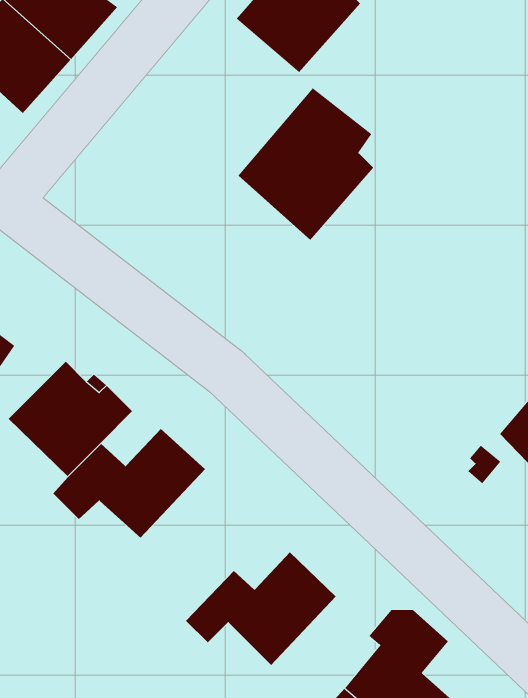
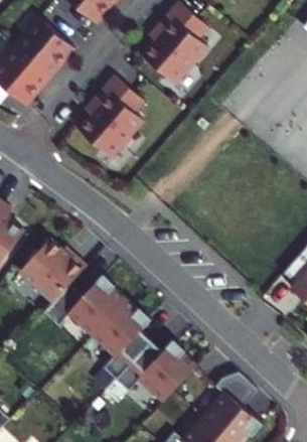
building: [238,87,374,241] -> [73,76,147,158]
building: none -> [91,297,151,379]

